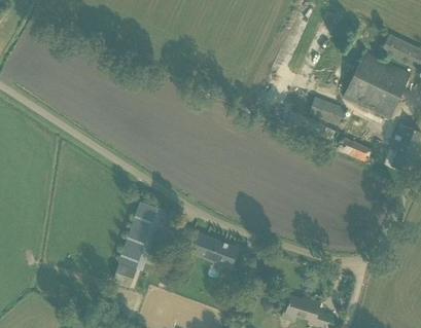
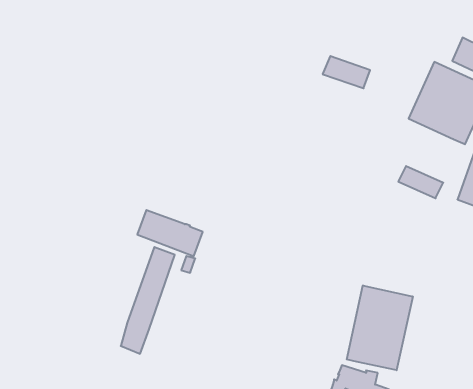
building: [310,99,348,124] -> [323,56,370,88]
building: [186,231,239,268] -> [137,210,203,256]
building: none -> [347,285,413,370]

